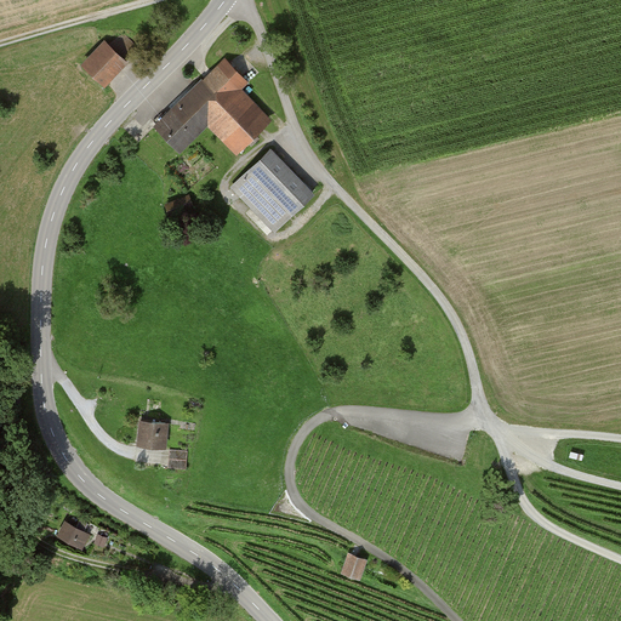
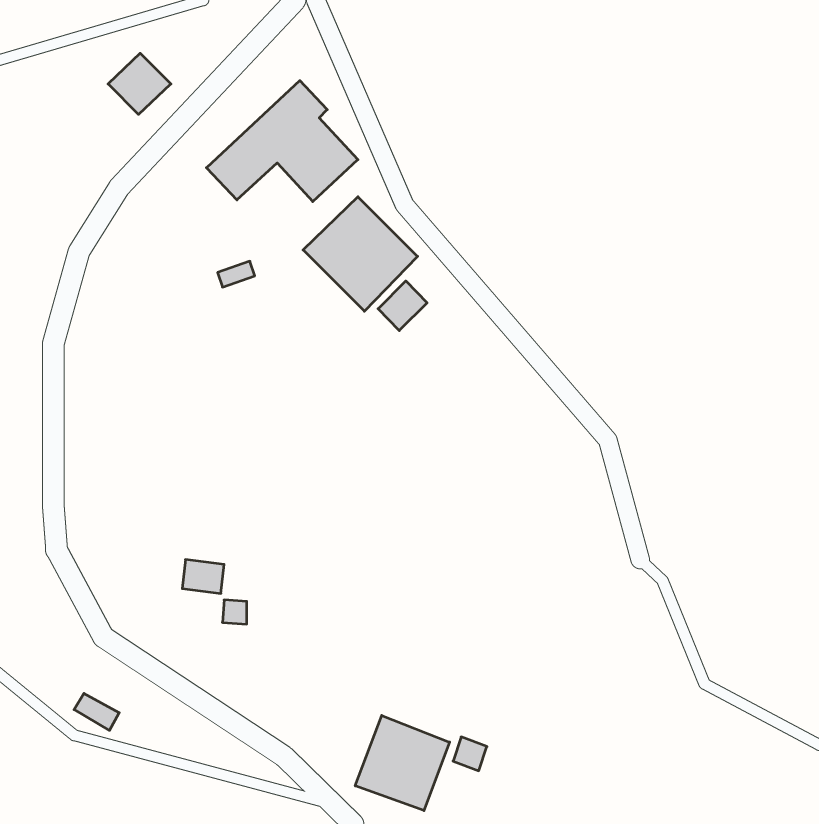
building: none -> [378,281,427,331]
building: none -> [355,715,450,811]

